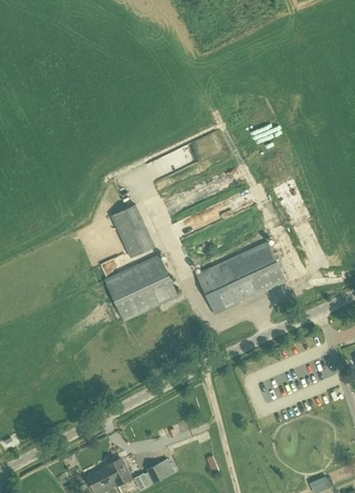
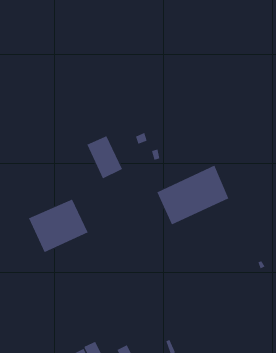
building: [103,254,178,321] -> [28,199,88,253]

